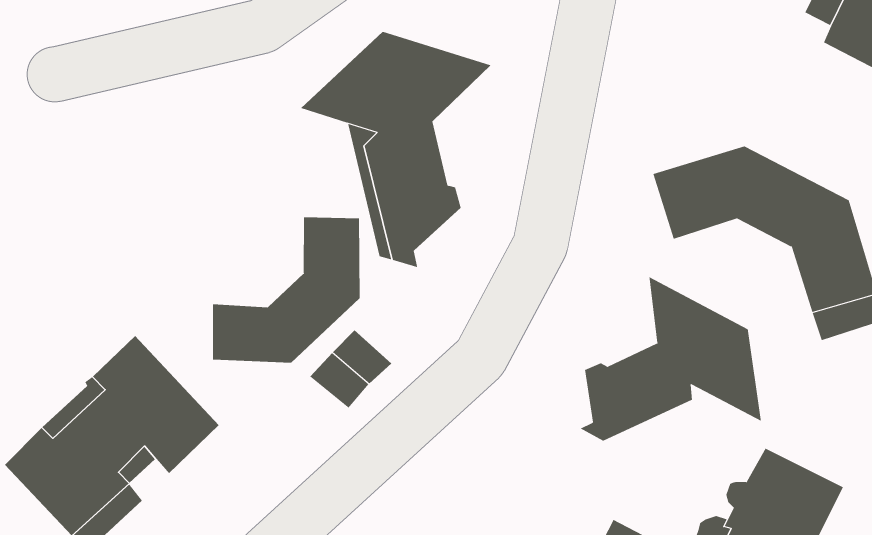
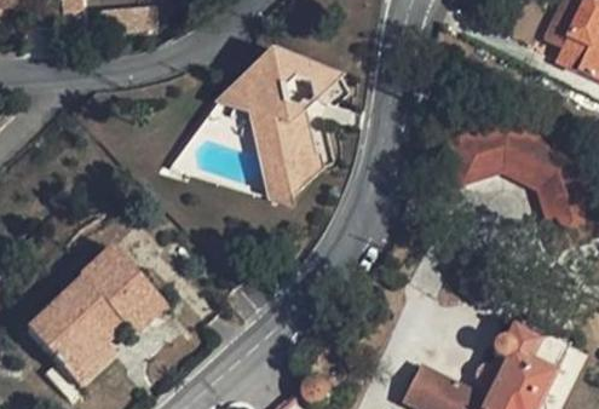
building: [212,217,360,364] -> none
building: [580,276,762,441] -> none

